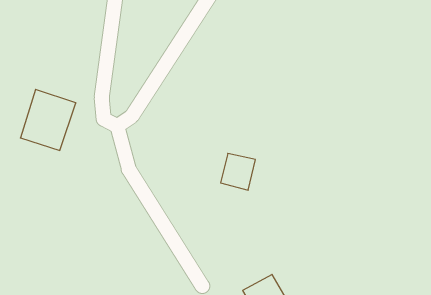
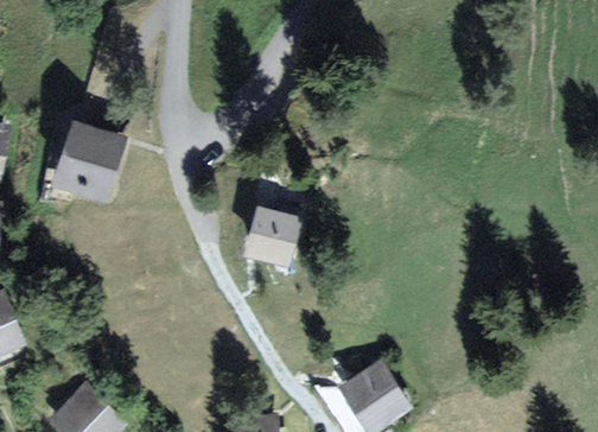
building: [221,153,255,190] -> [250,210,297,259]

